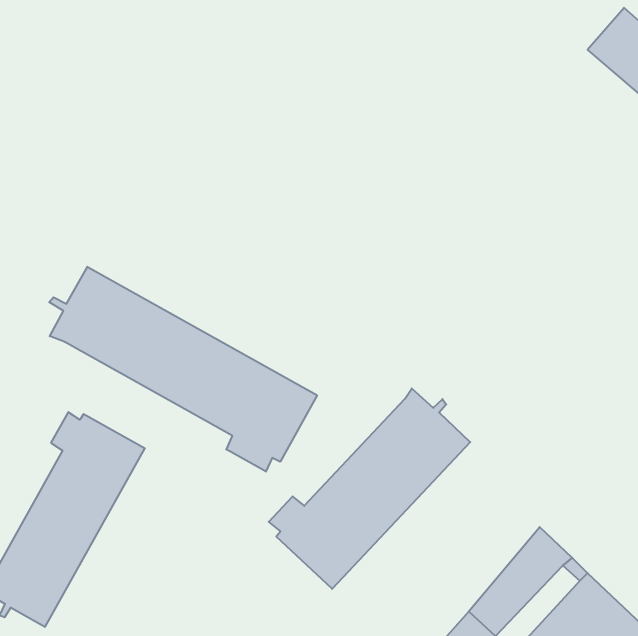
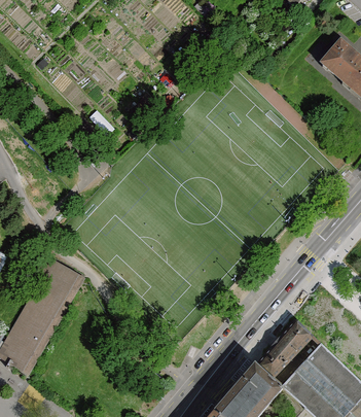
building: [49,267,317,472] -> none
building: [269,388,470,589] -> none

